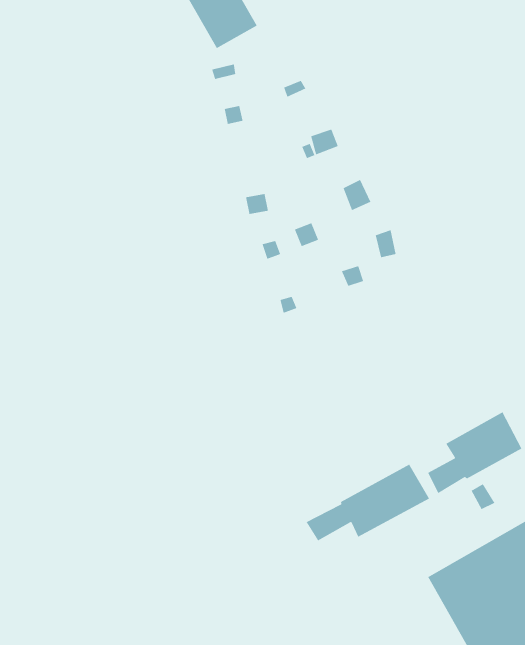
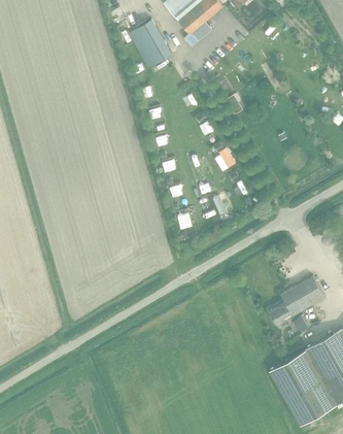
building: [306,463,430,541] -> none

